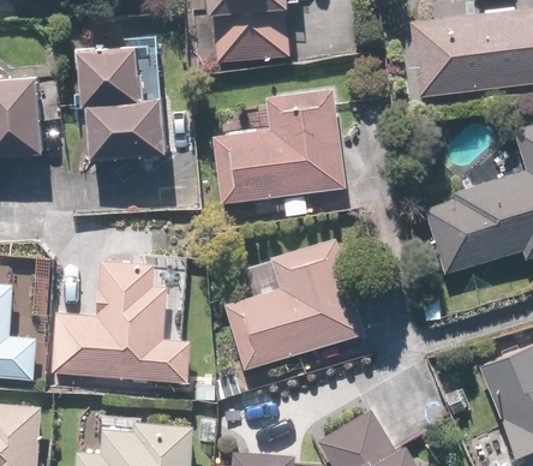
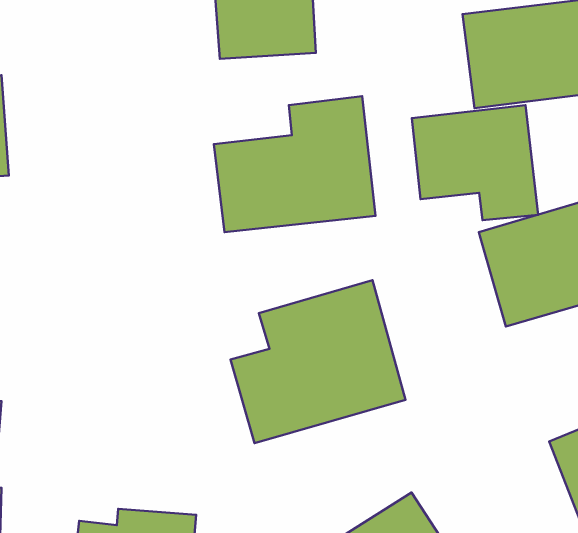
building: [77,49,168,157] -> none
building: none -> [412,105,538,220]
building: [48,263,191,383] -> none

